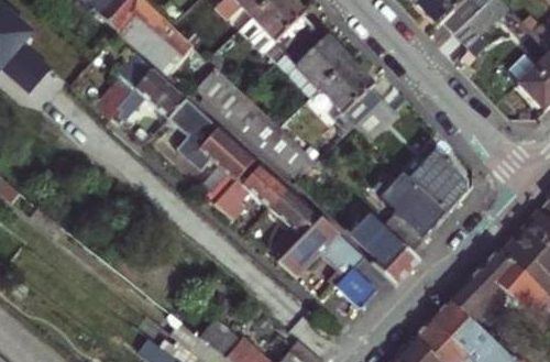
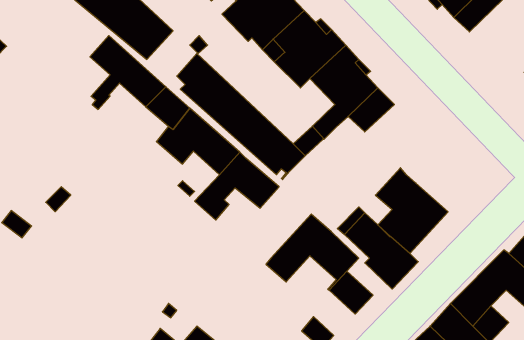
building: [408,147,466,212] -> none
building: [272,189,320,255] -> none

